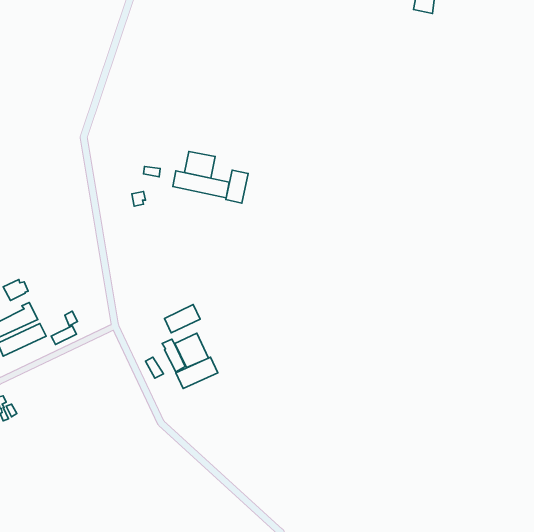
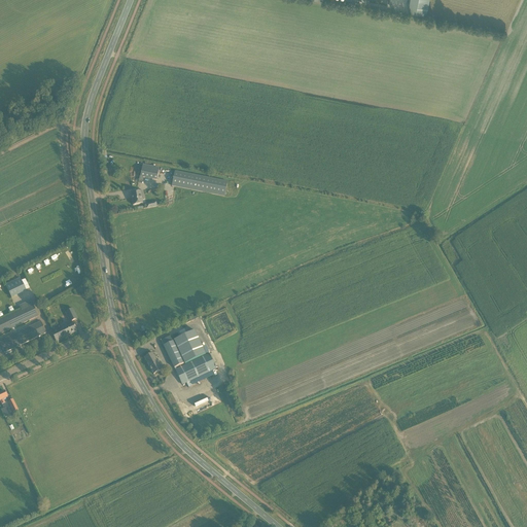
building: [184,152,215,178] -> none
building: [226,170,248,203] -> none
building: [164,305,200,333] -> none

